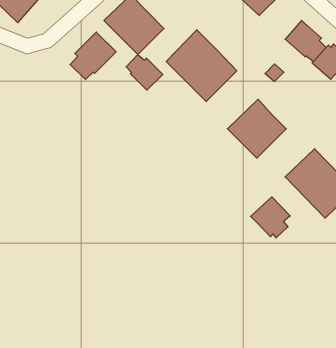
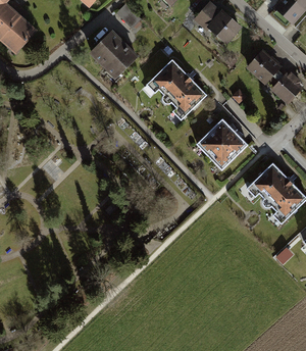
building: [70,32,116,79] -> none
building: [126,55,163,90] -> none
building: [251,197,290,238] -> none

